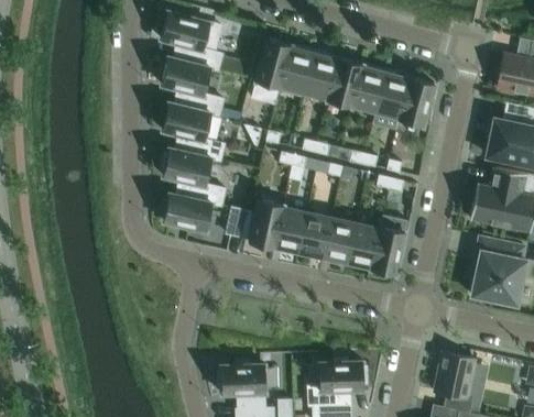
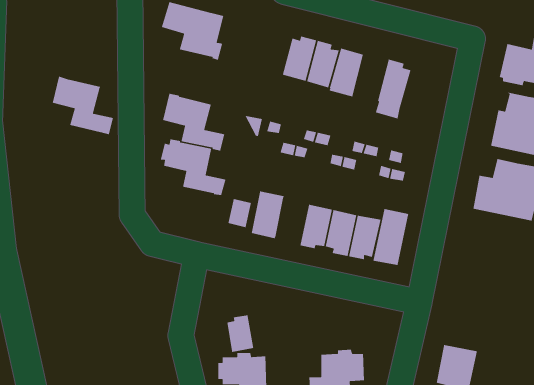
building: [253,40,293,105] -> none
building: [163,57,225,117] -> [52,76,114,135]
building: [352,65,388,111] -> none
building: [400,78,436,127] -> none
building: [164,194,214,231] -> none
building: [276,208,308,255] -> none
building: [472,237,527,305] -> none
building: none -> [226,314,254,353]

